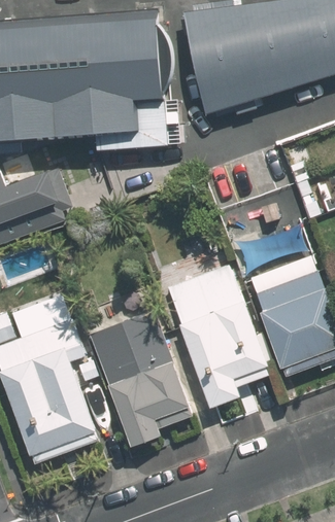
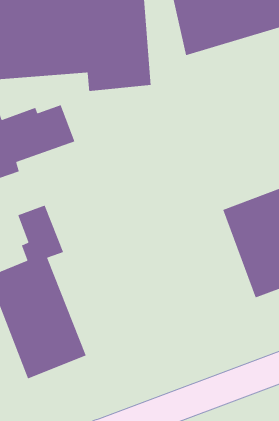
building: [163,265,267,410] -> none
building: [87,309,191,447] -> none

